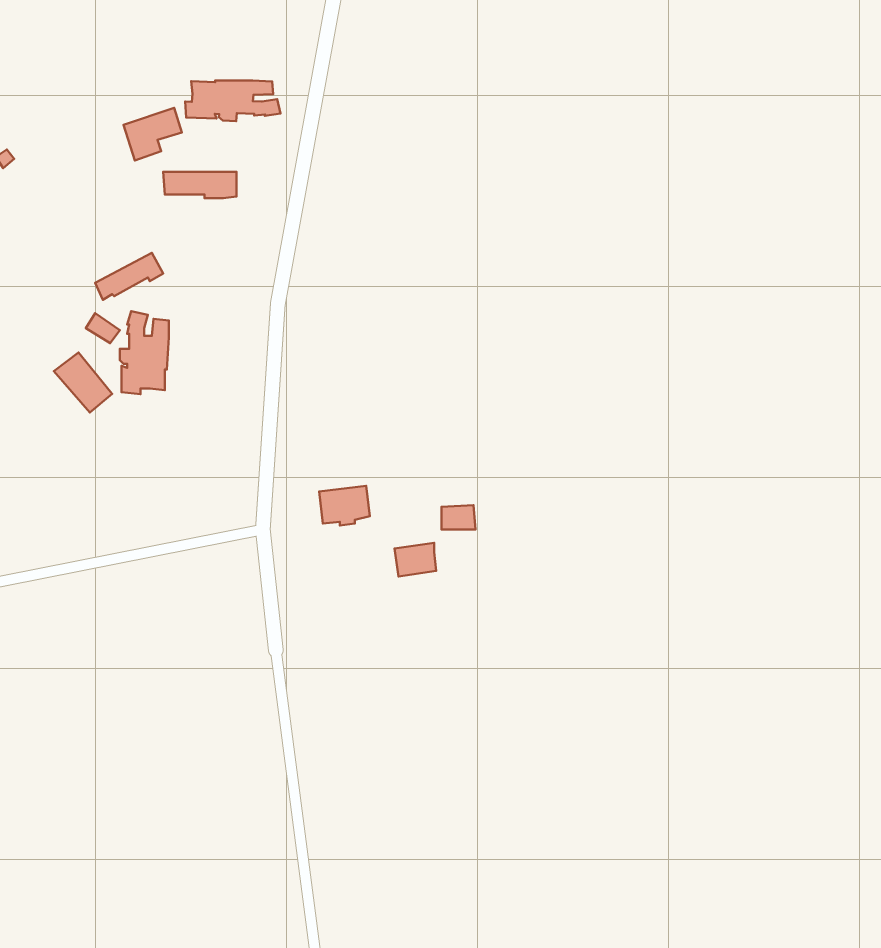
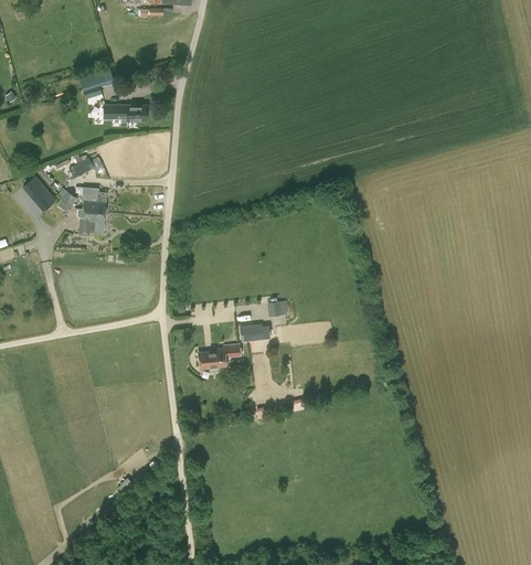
building: [185,81,280,121] -> none
building: [54,352,112,413] -> [21,177,55,212]
building: [319,486,370,525] -> [197,349,226,372]

